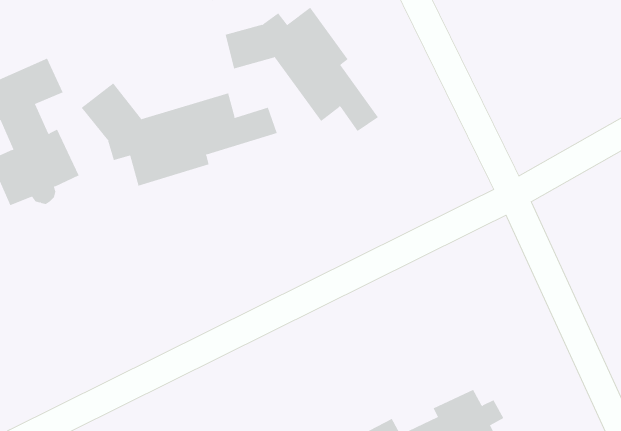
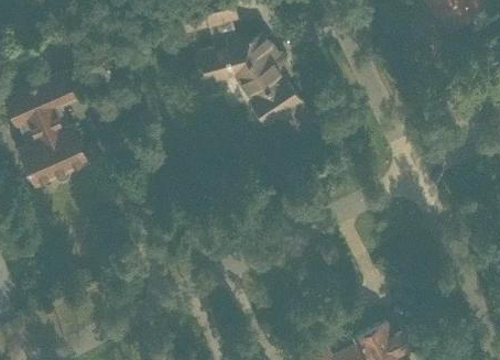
building: [81,82,278,186] -> none

